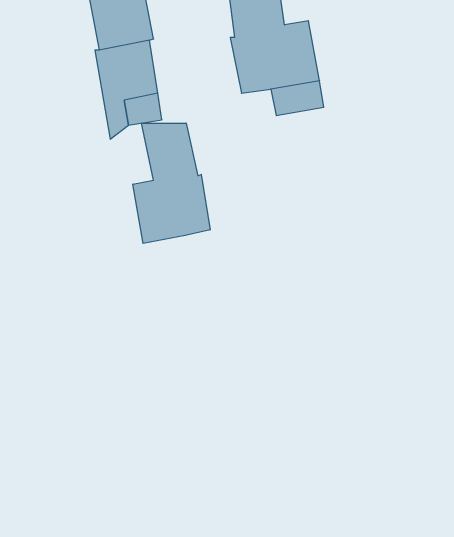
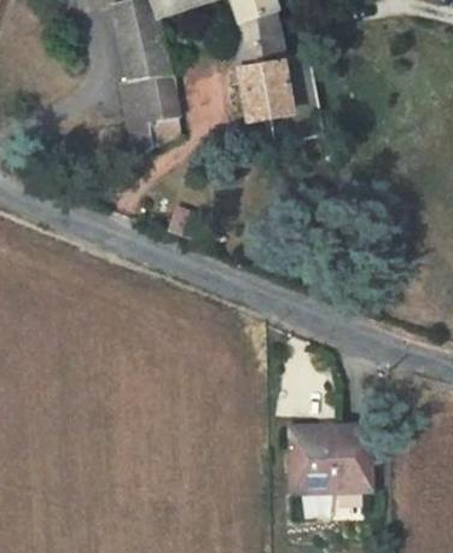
building: [133,123,210,243] -> none
building: none -> [286,430,362,495]

